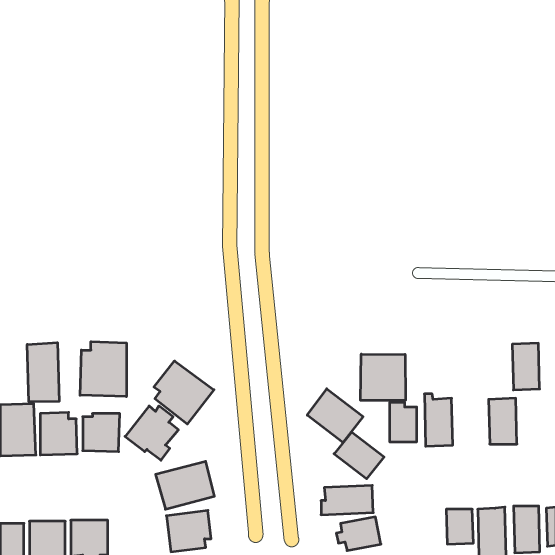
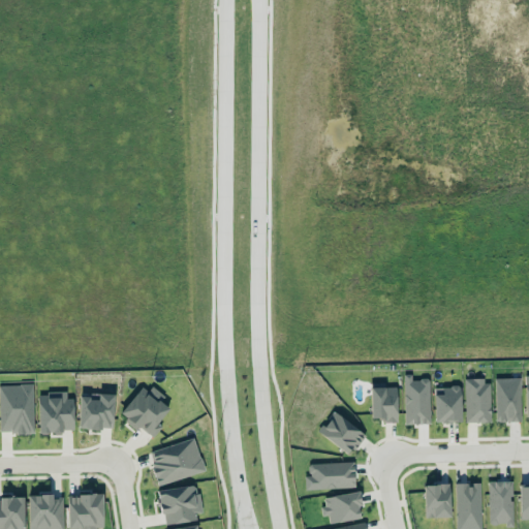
building: [80,342,126,397] -> none
building: [27,343,59,402] -> none
building: [512,343,540,390] -> [496,378,522,423]
building: [361,354,405,400] -> none
building: [154,361,214,424] -> none
building: [307,389,363,442] -> none
building: none -> [435,386,461,423]

